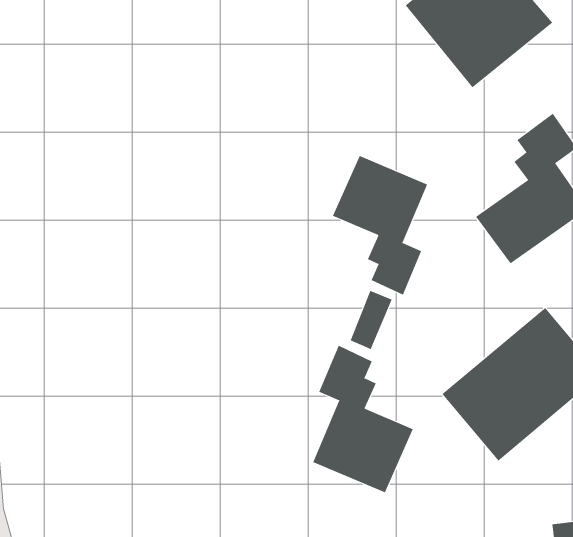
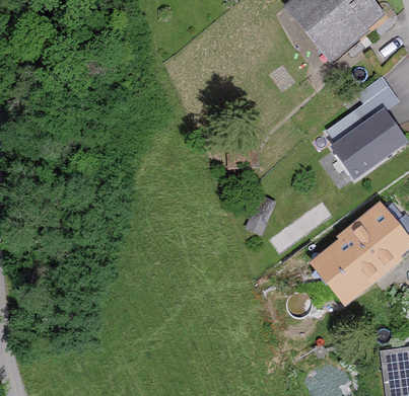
building: [332,155,428,296] -> none
building: [313,345,414,493] -> none

